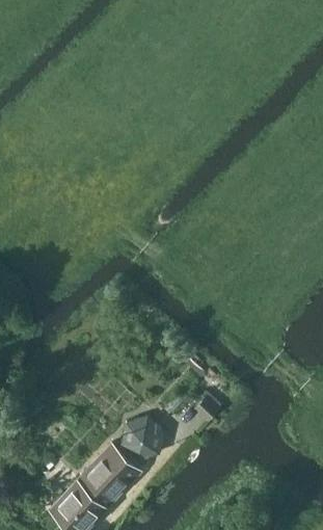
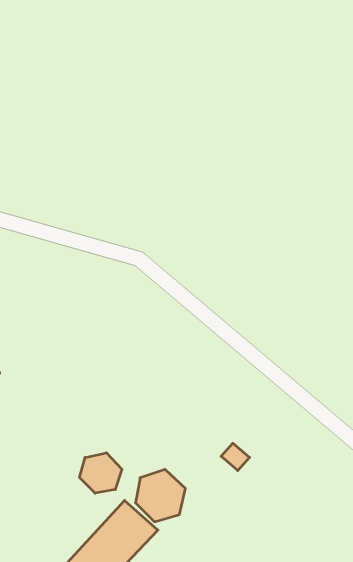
building: none -> [80,453,122,493]

